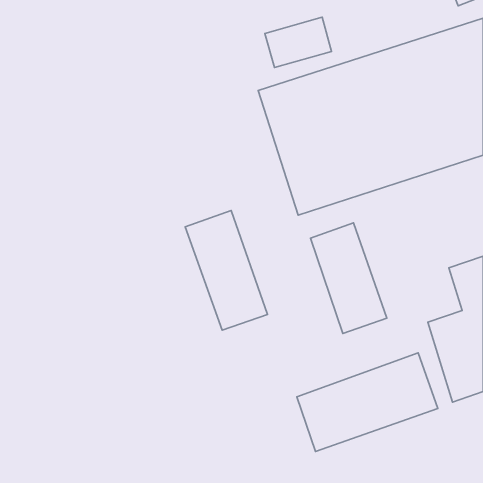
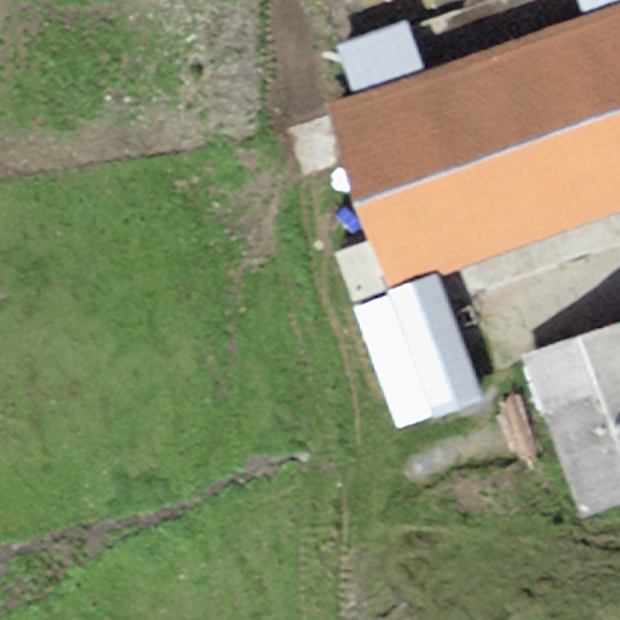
building: [185,211,268,330] -> none
building: [297,353,438,451] -> none

